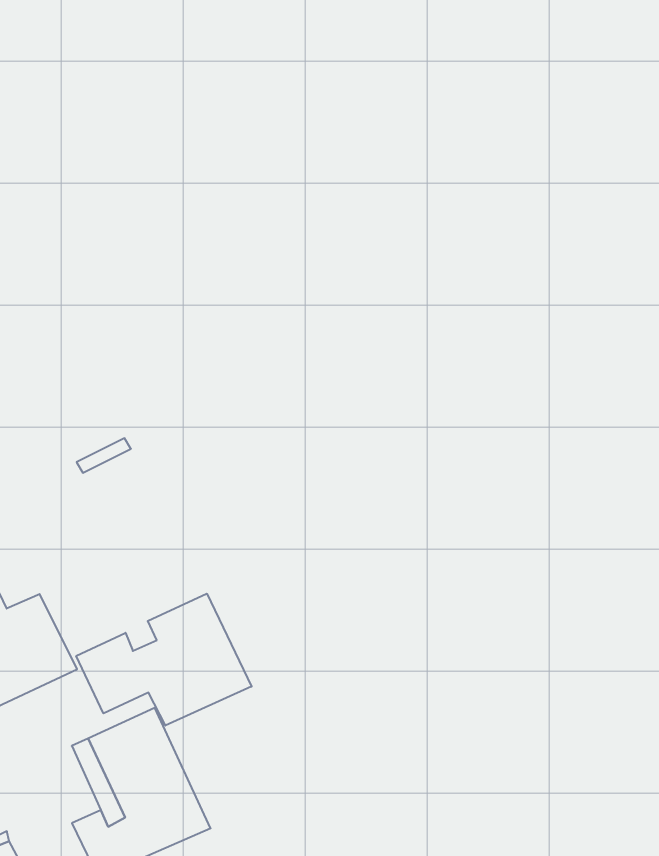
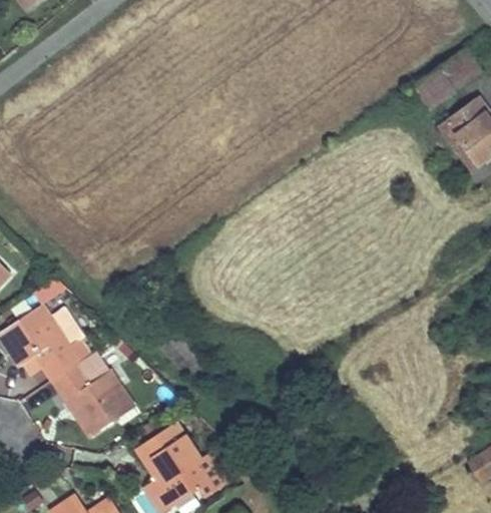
building: [76,594,252,726] -> none

